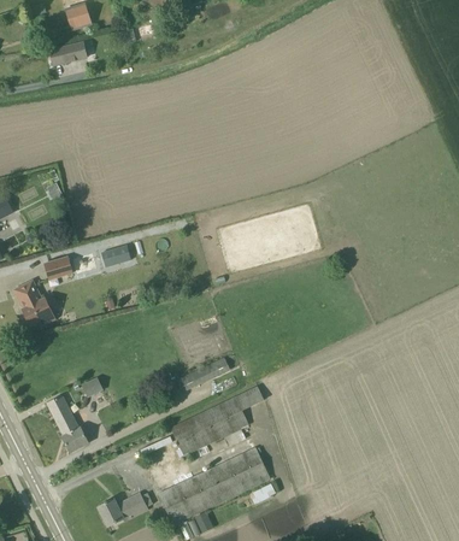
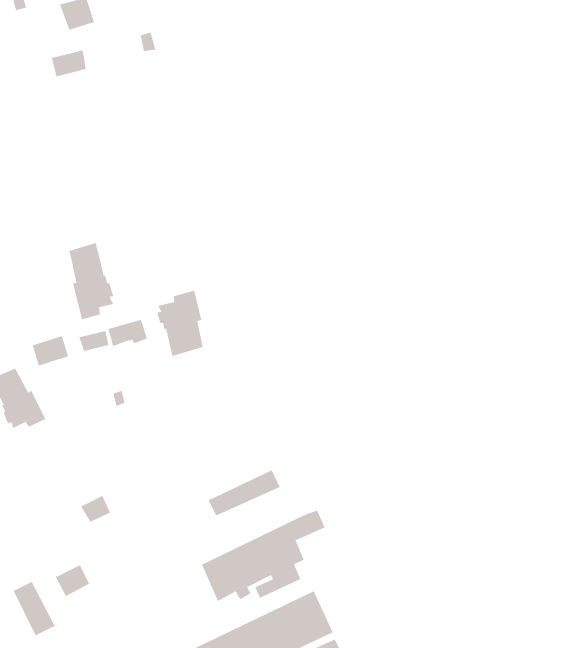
building: none -> [69,242,114,320]
building: none -> [157,290,203,357]
building: [47,394,81,435] -> [13,581,58,636]

